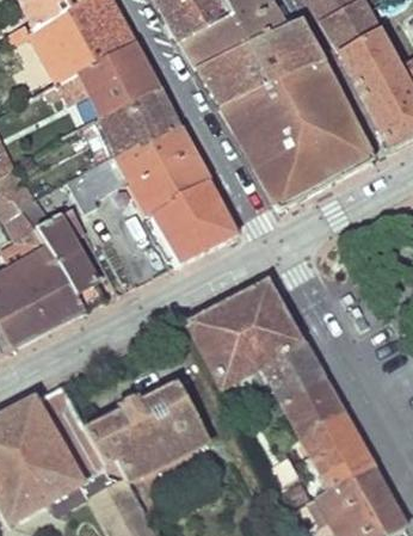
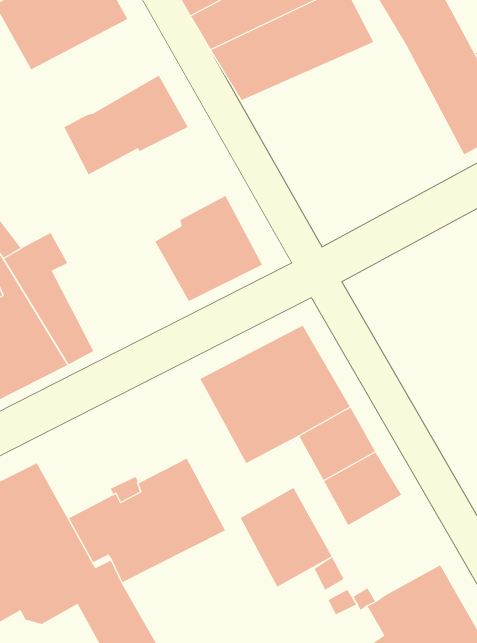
building: [44,42,155,116] -> none
building: [218,60,372,208] -> none
building: [67,125,207,214] -> none
building: [301,409,372,487] -> [240,487,332,587]

